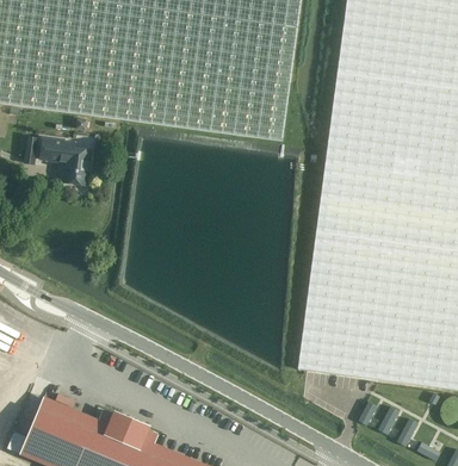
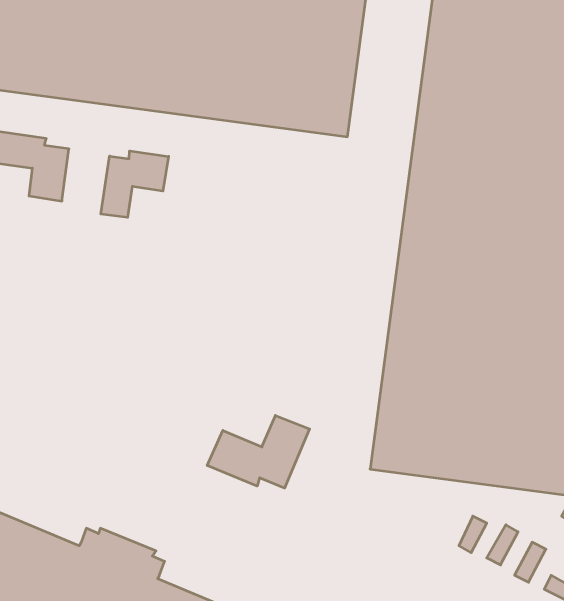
building: none -> [101,151,169,217]
building: none -> [207,415,310,488]

